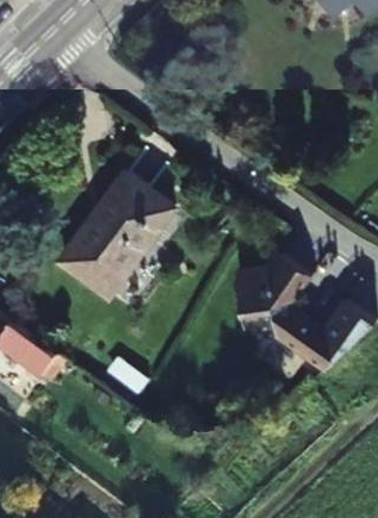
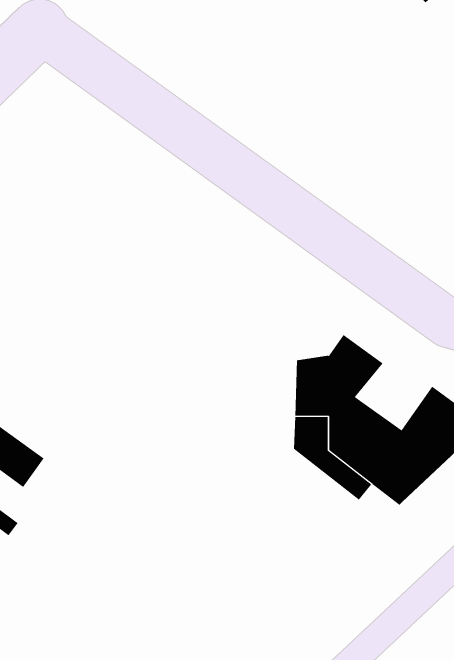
building: [66,170,175,289] -> none

